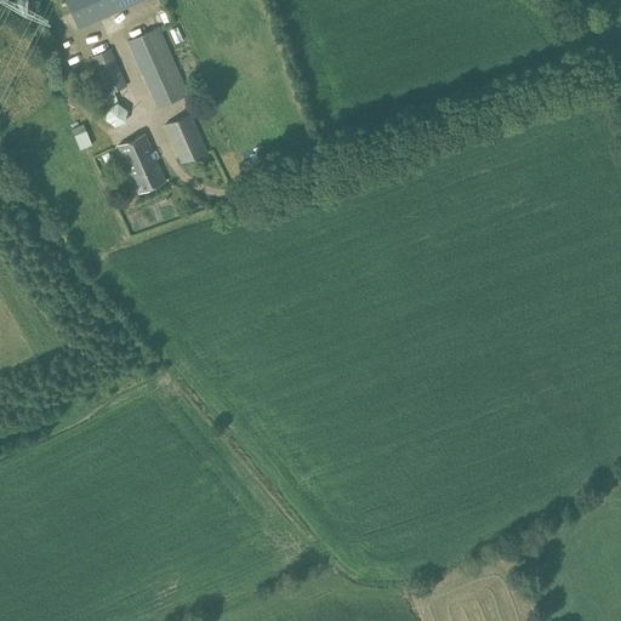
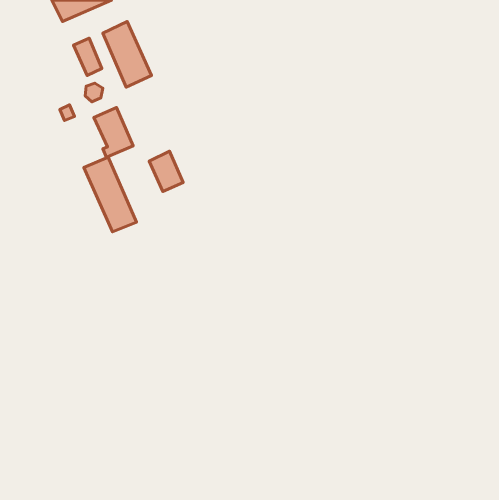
building: [165,113,207,163] -> [149,151,183,191]
building: none -> [84,157,137,232]

